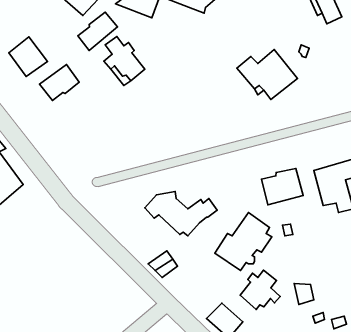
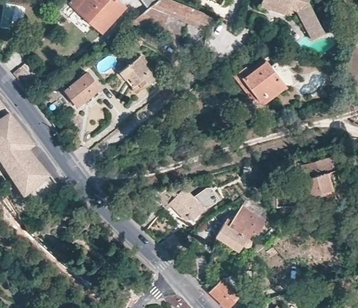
building: [78,12,117,50] -> none
building: [9,37,47,77] -> none
building: [262,169,303,205] -> none
building: [240,270,280,309] -> none

